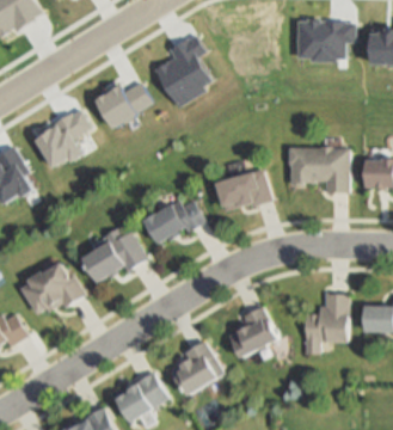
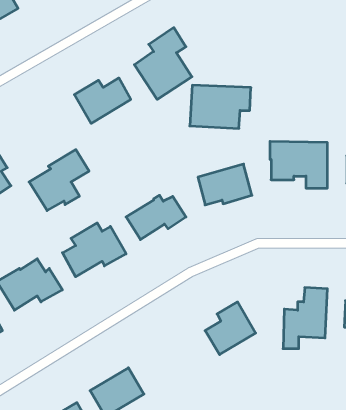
building: [294,18,355,61] -> [190,85,251,128]
building: [33,106,93,167] -> [29,150,89,211]
building: [174,339,222,395] -> none

